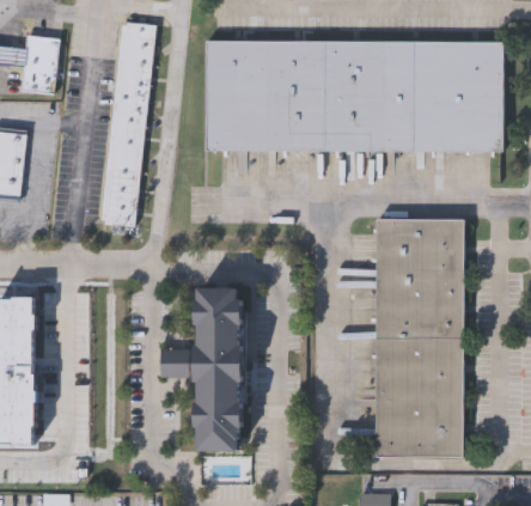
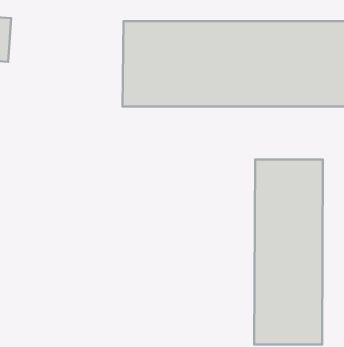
building: [103,22,157,227] -> none
building: [164,288,250,452] -> none

